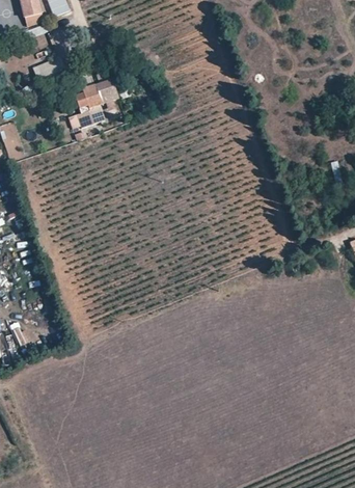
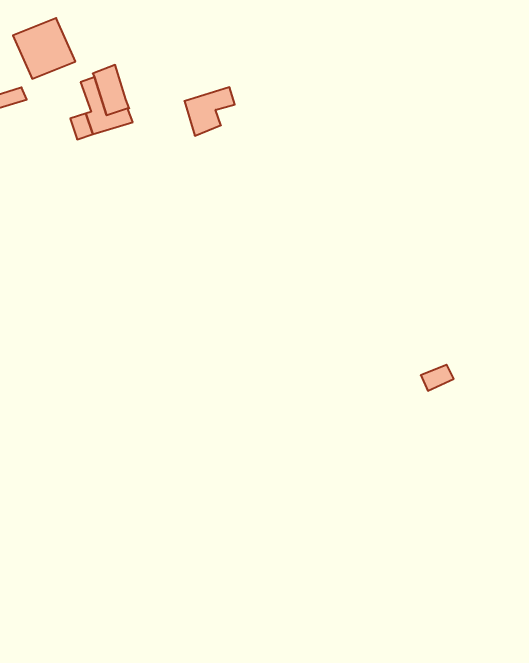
building: [95,76,126,105] -> [184,87,235,136]

